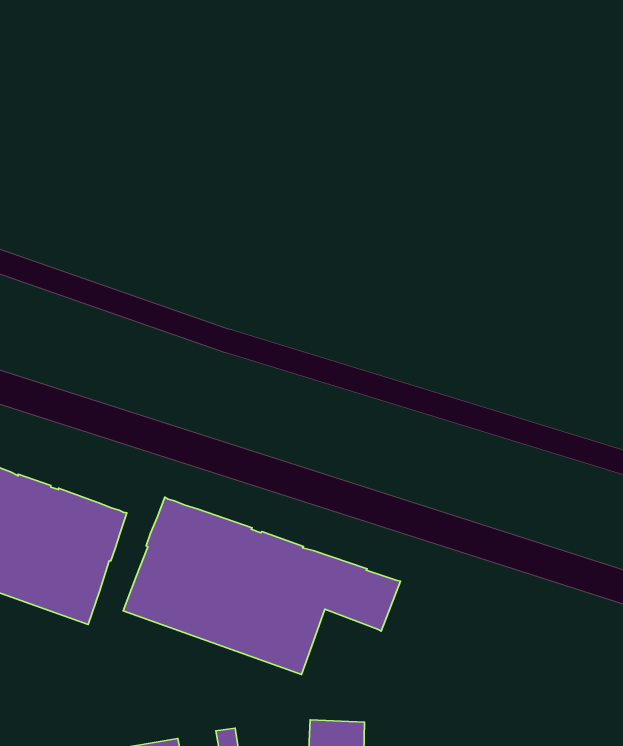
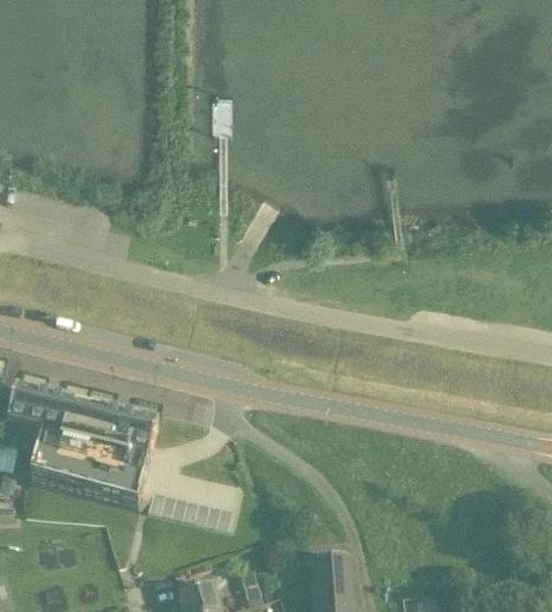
building: [123,497,401,674] -> none

